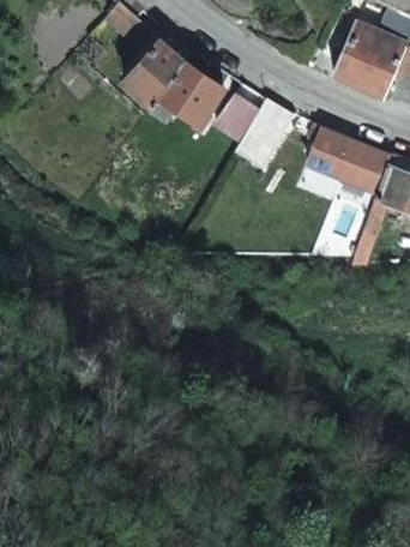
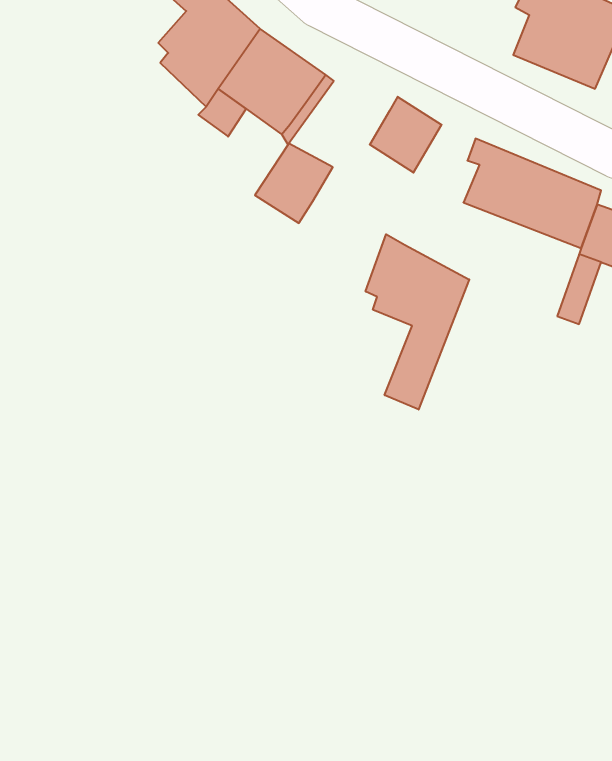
building: [215,95,261,143] -> [255,143,333,223]
building: none -> [366,234,469,410]

